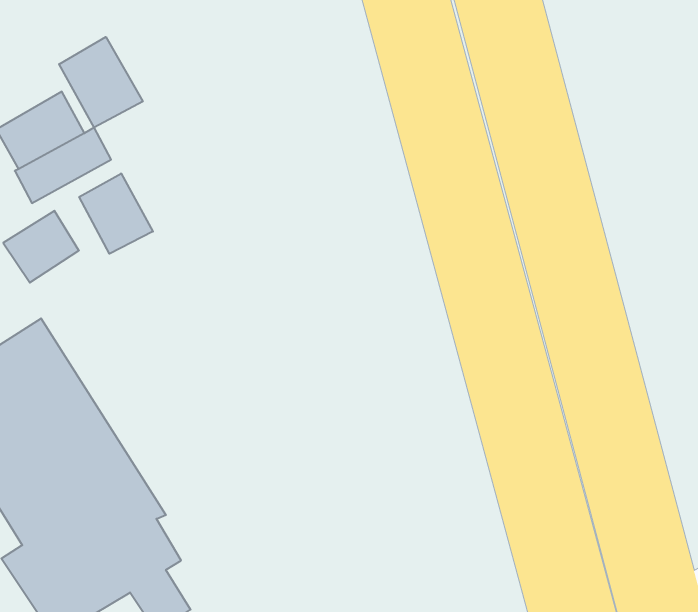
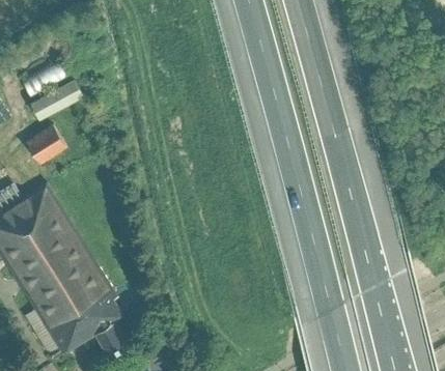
building: [59,37,143,128] -> none
building: [79,173,153,254] -> none

